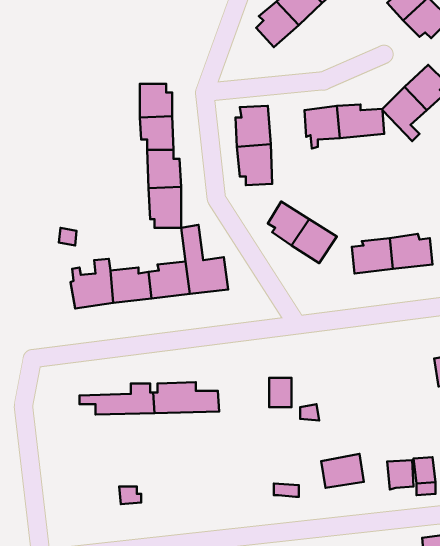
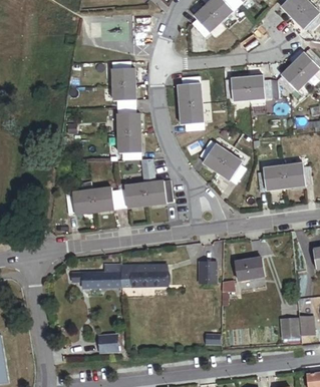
building: [321,454,364,488] -> [235,257,264,280]

